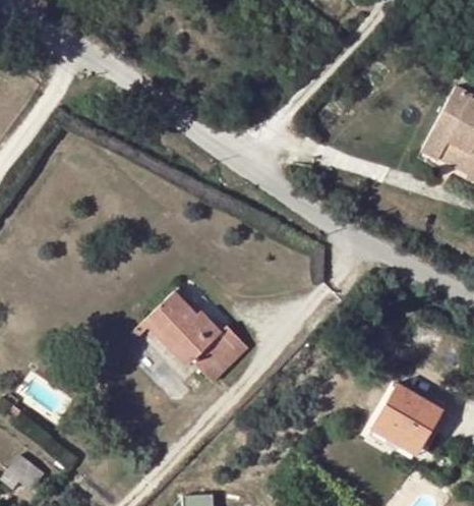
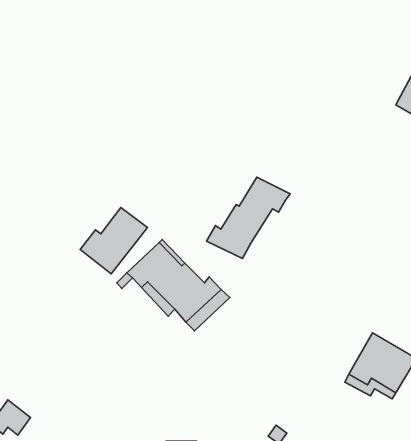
building: none -> [206,177,290,259]
building: none -> [80,208,147,274]

